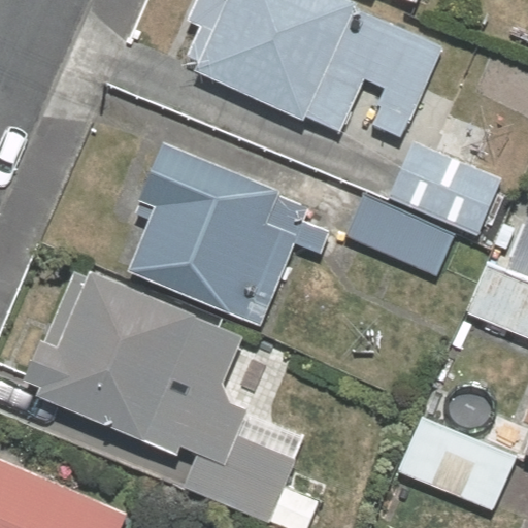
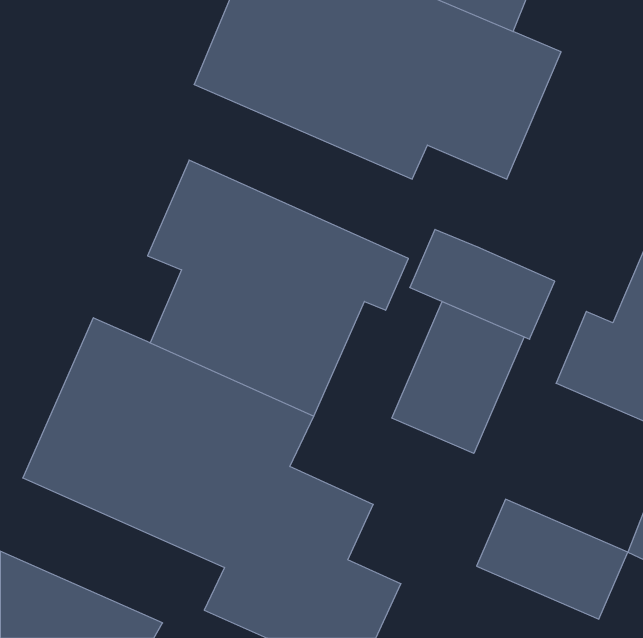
building: [392,146,510,243] -> none
building: none -> [392,301,524,453]

